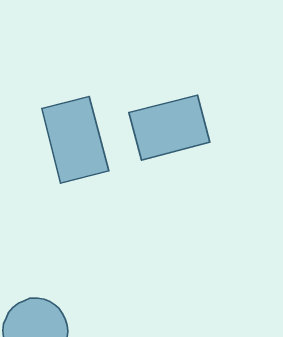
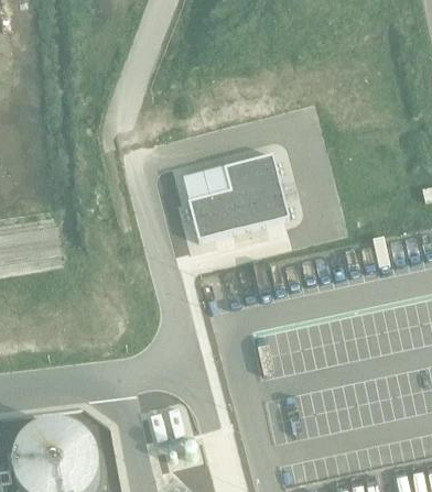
building: [42,96,109,183] -> none

